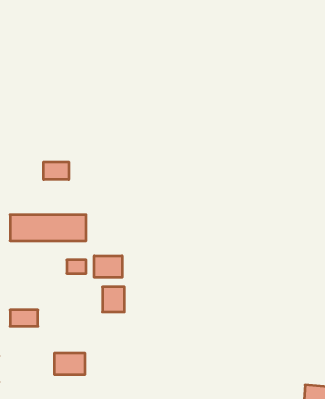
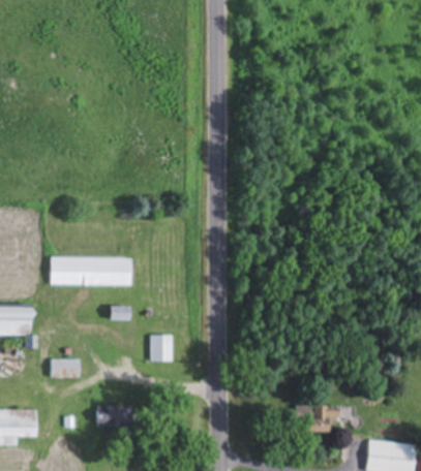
building: [44,162,69,180] -> none
building: [94,256,122,277] -> none
building: none -> [293,407,338,433]

